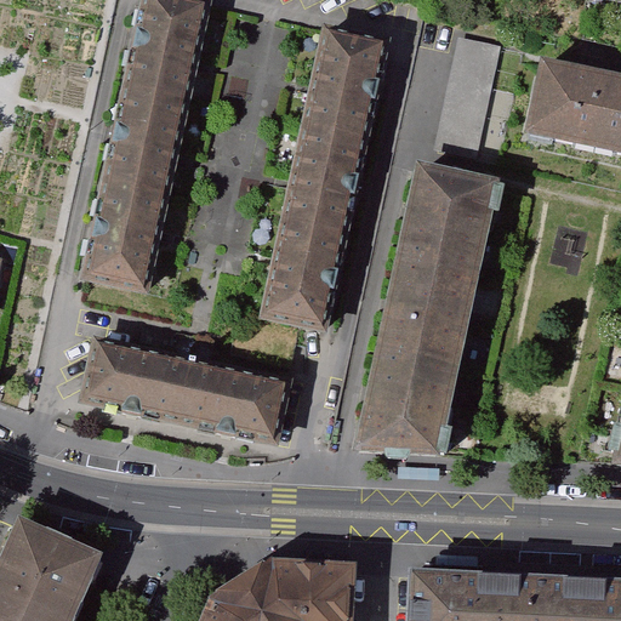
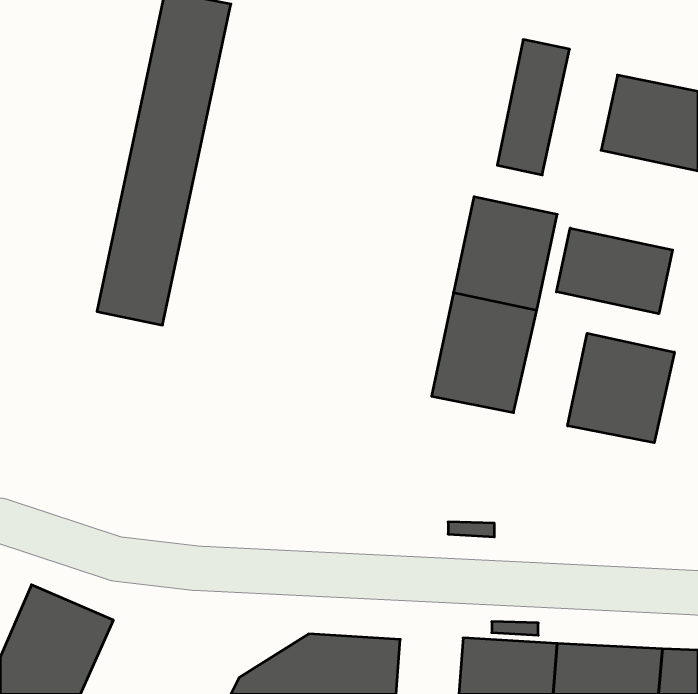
building: [261,29,380,325] -> none
building: none -> [556,228,673,314]
building: none -> [568,333,674,443]
building: [89,342,285,439] -> none
building: [361,352,456,457] -> none

